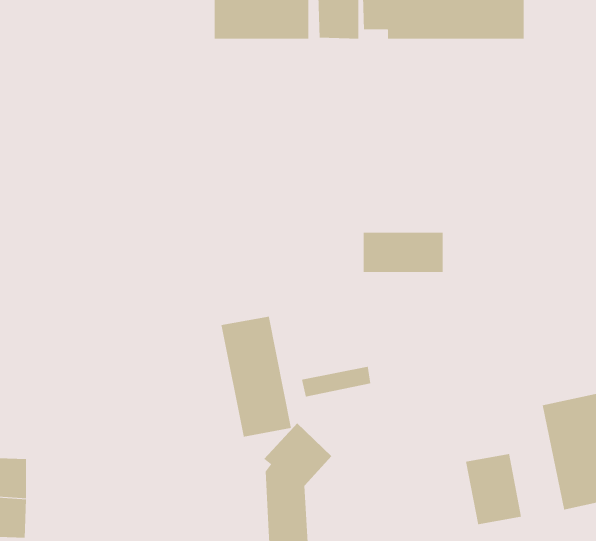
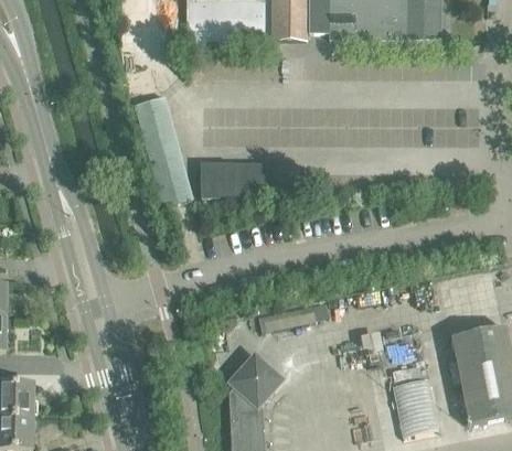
building: none -> [134,95,192,206]
building: [363,232,444,272] -> [200,162,266,195]
building: [221,316,292,437] -> none

